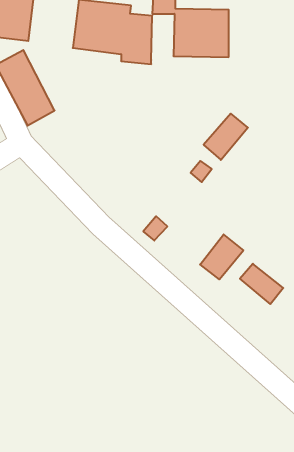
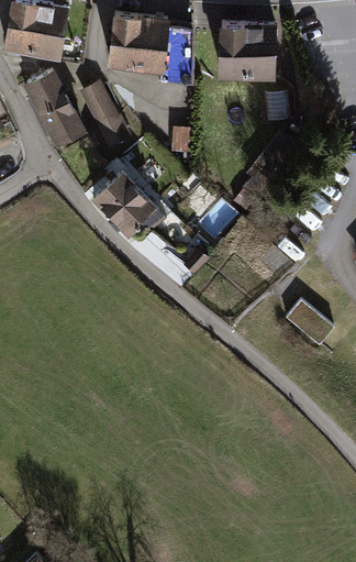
building: none -> [76,79,129,147]
building: none -> [92,158,166,236]
building: [200,234,243,279] -> none

